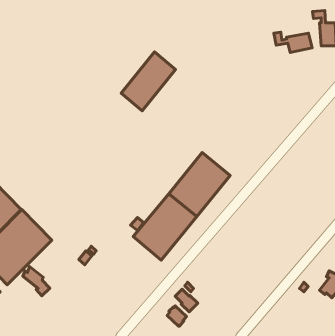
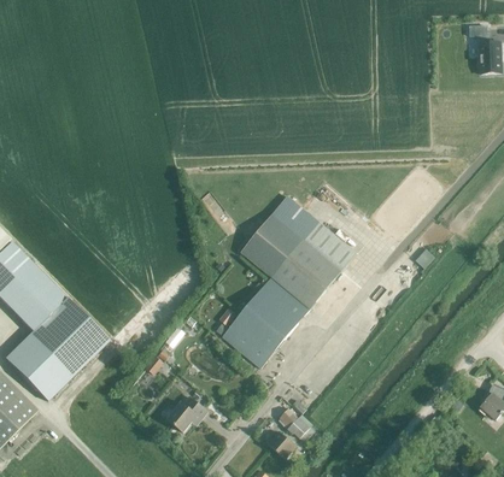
building: [274,32,312,52] -> none
building: [121,52,176,111] -> [241,195,316,276]
building: [23,267,50,296] -> none
building: none -> [168,396,207,432]

